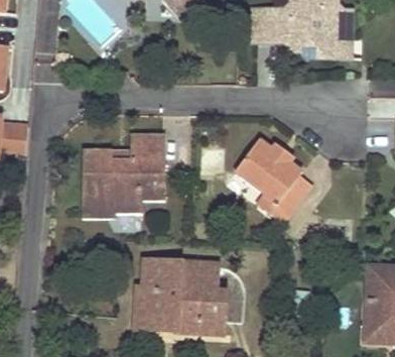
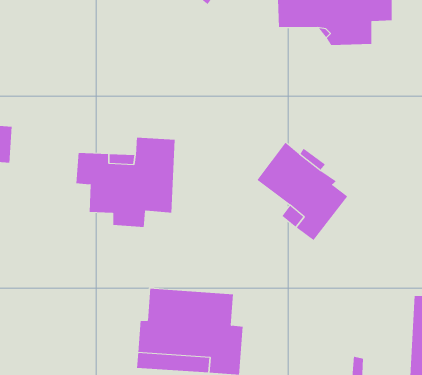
building: [81,172,141,217] -> none

